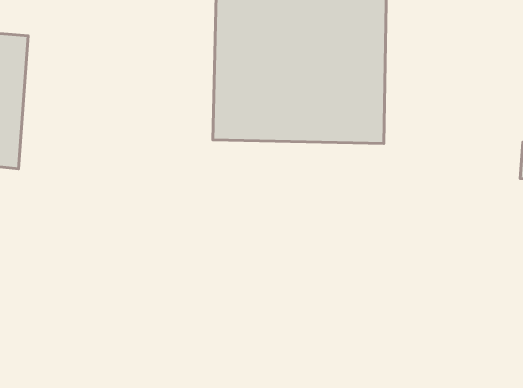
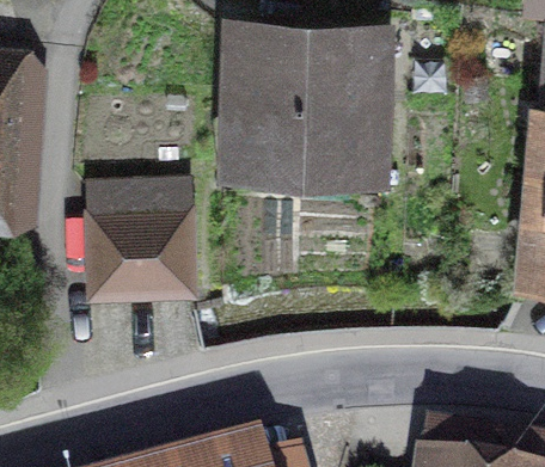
building: none -> [91,186,203,302]

